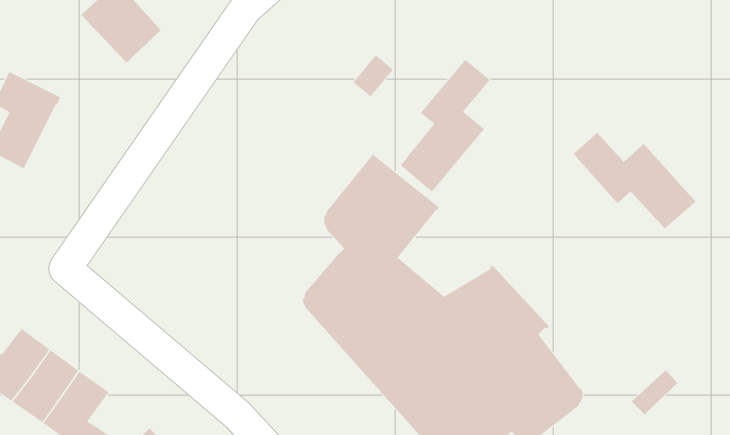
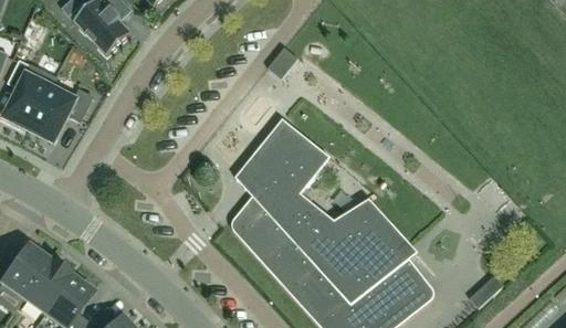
building: [400,59,490,193] -> none
building: none -> [30,83,93,141]
building: [573,132,696,229] -> none

